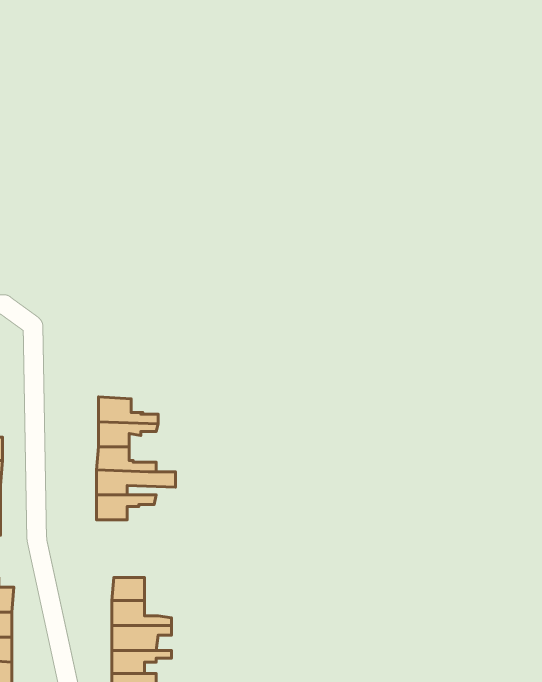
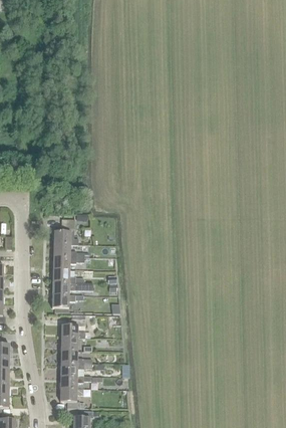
building: none -> [53,218,78,244]
building: none -> [61,317,85,338]

